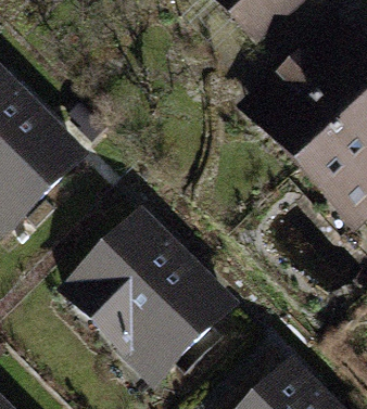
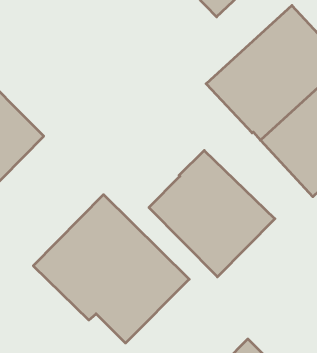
building: none -> [149,150,275,277]

